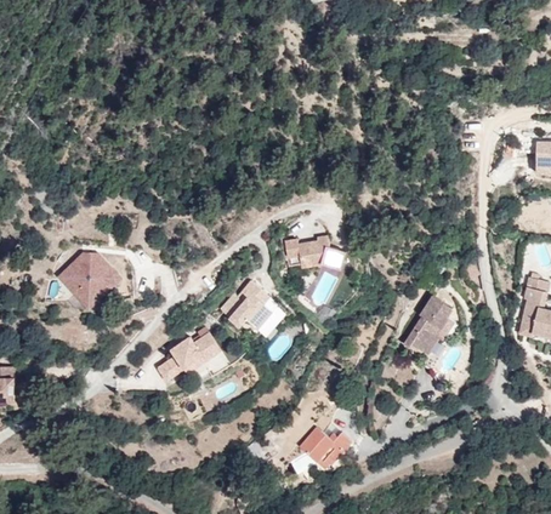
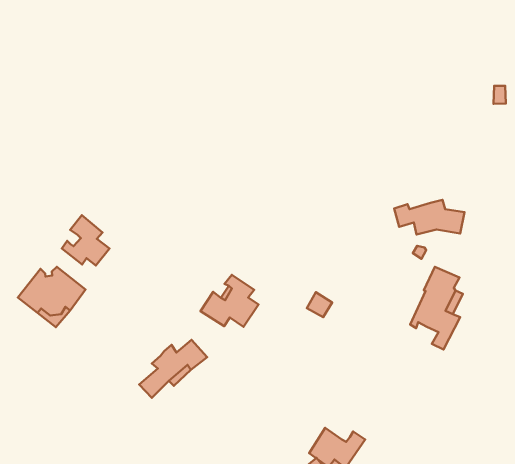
building: none -> [62,215,109,266]
building: [284,239,346,270] -> [394,200,465,234]

